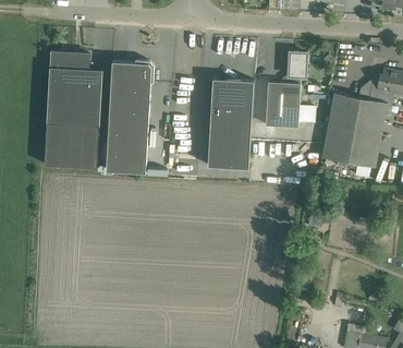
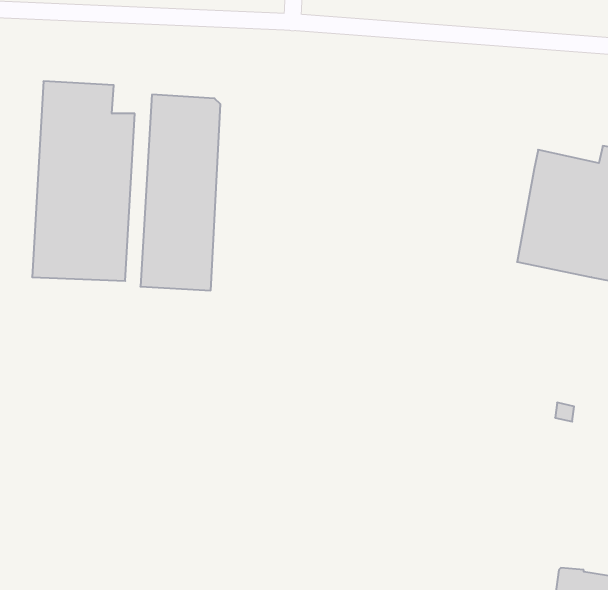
building: [265,51,313,127] -> none
building: [208,77,254,167] -> none

